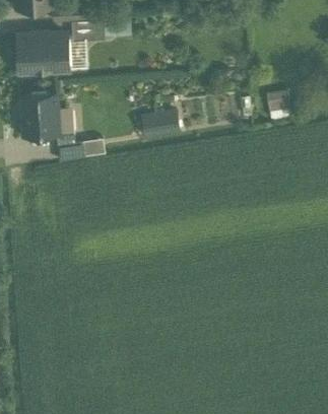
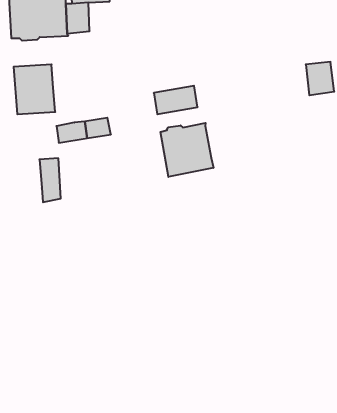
building: [54,109,72,146] -> [39,158,61,202]
building: none -> [160,123,213,177]

